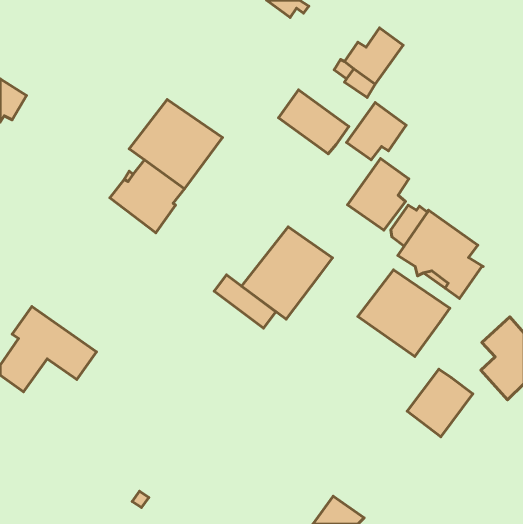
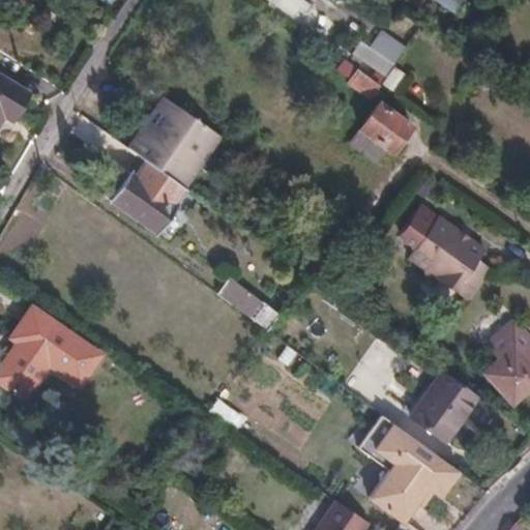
building: [278,90,349,154] -> none
building: [347,158,409,230] -> none
building: [242,227,332,319] -> none
building: [358,270,450,357] -> none
building: none -> [354,412,452,518]

